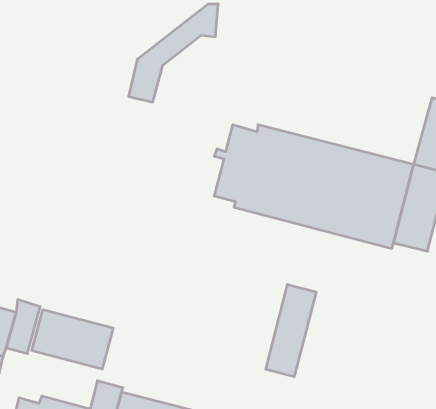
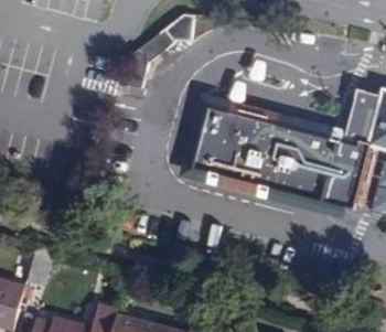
building: [266,284,316,377] -> none
building: [32,310,113,369] -> none

